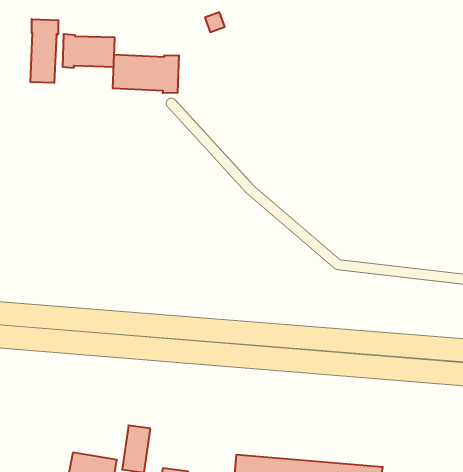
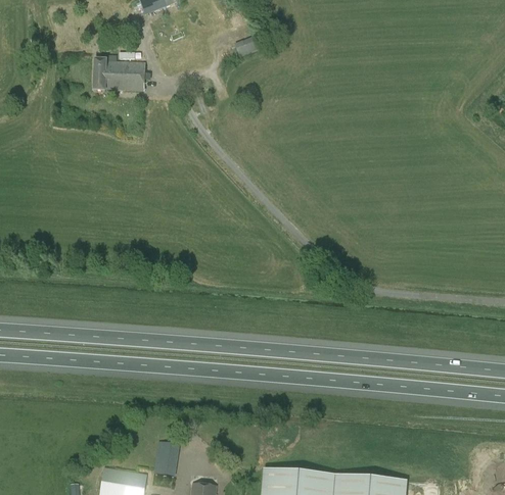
building: [30,19,58,83] -> none
building: [113,54,179,93] -> none

